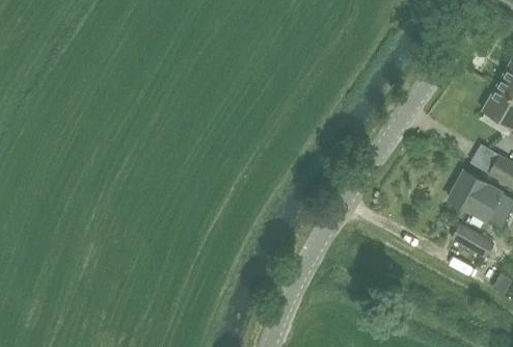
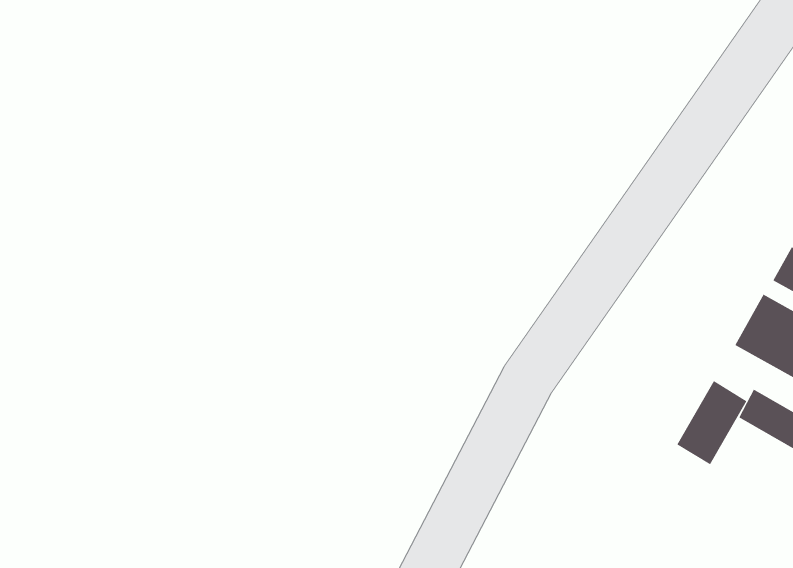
building: none -> [677,380,747,465]

